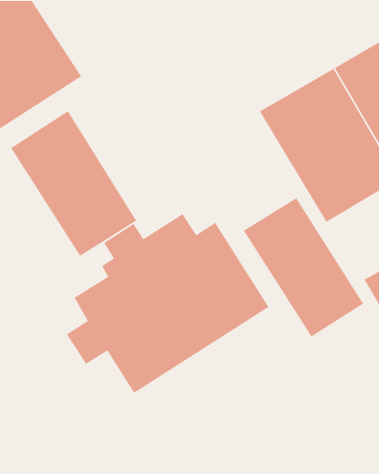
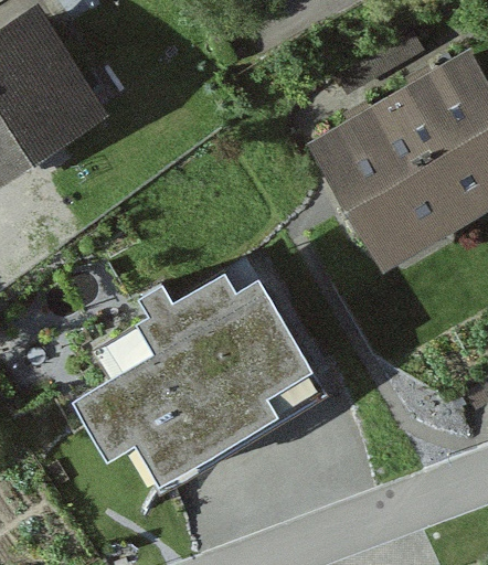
building: [10,110,137,257] -> none
building: [243,197,364,338] -> none

